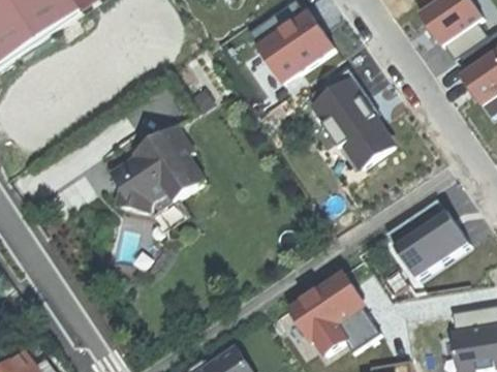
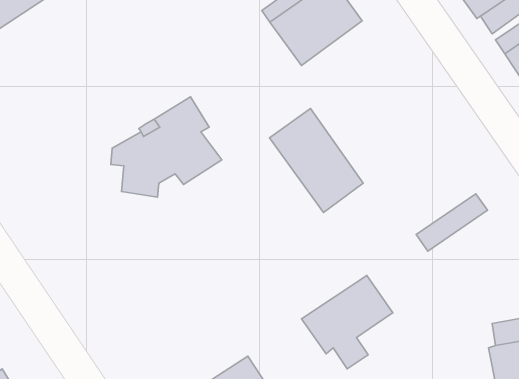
building: [312,76,395,168] -> [270,109,363,212]
building: [396,213,470,280] -> none
building: [333,306,378,350] -> none

